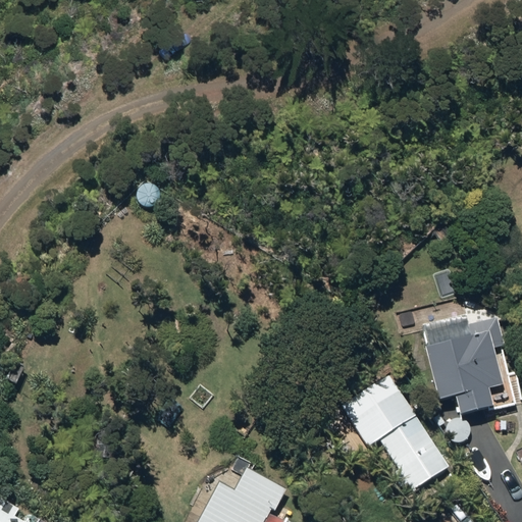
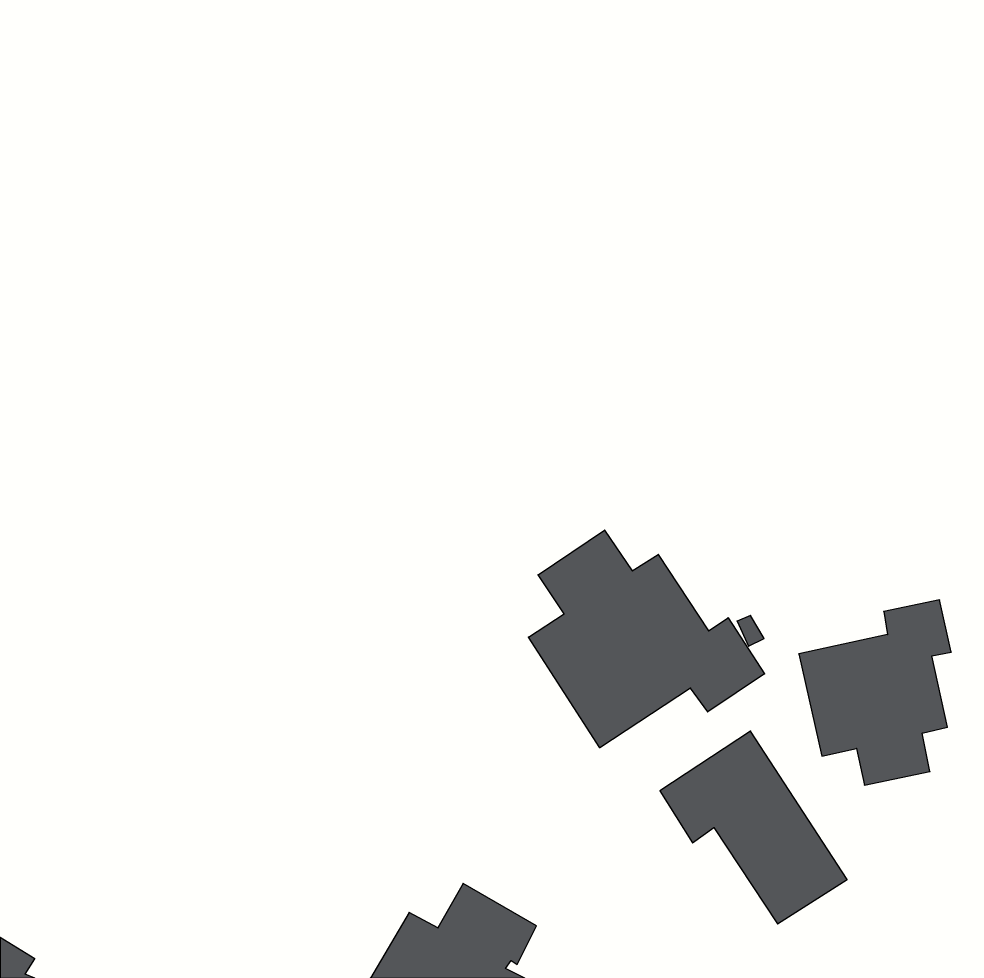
building: none -> [528,530,765,748]

